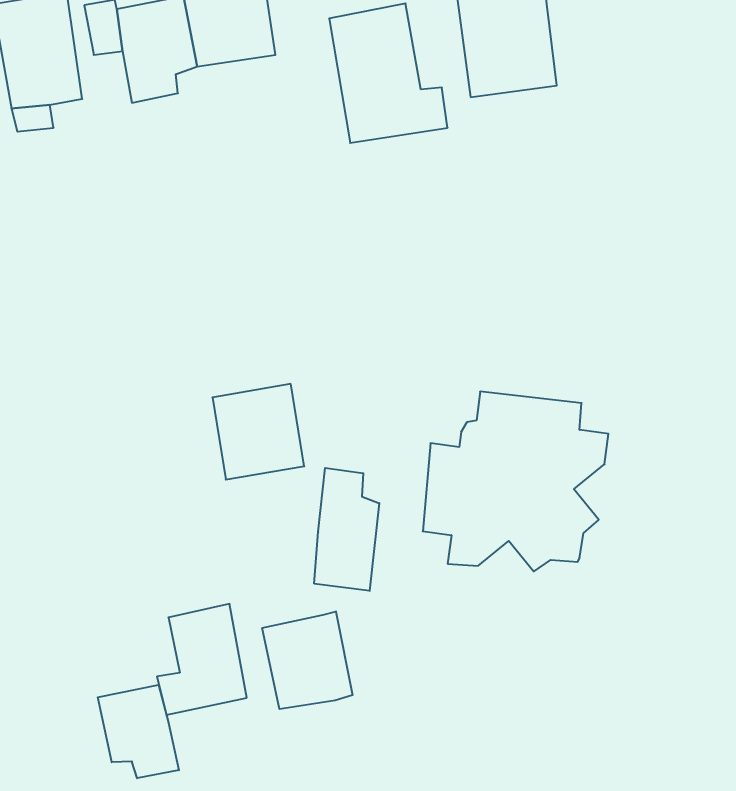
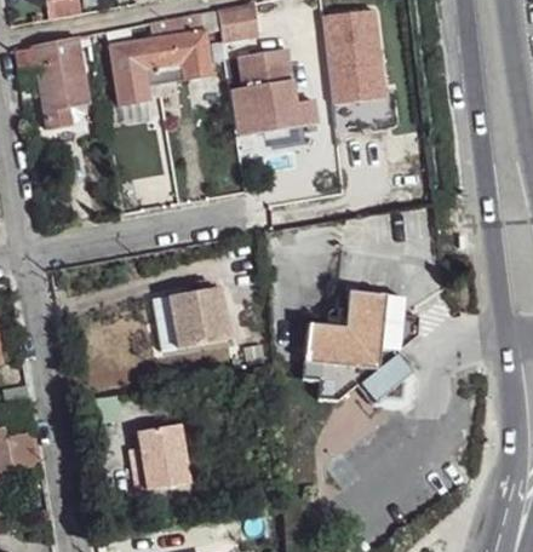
building: [314,468,379,591] -> none
building: [262,611,353,709] -> none
building: [98,685,179,778] -> none

